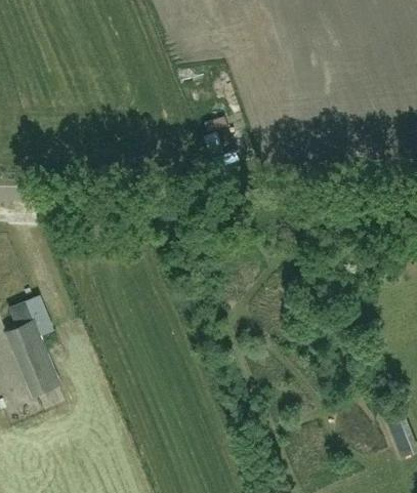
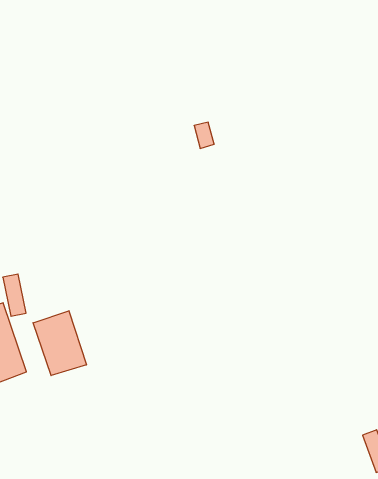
building: none -> [33,311,86,376]

